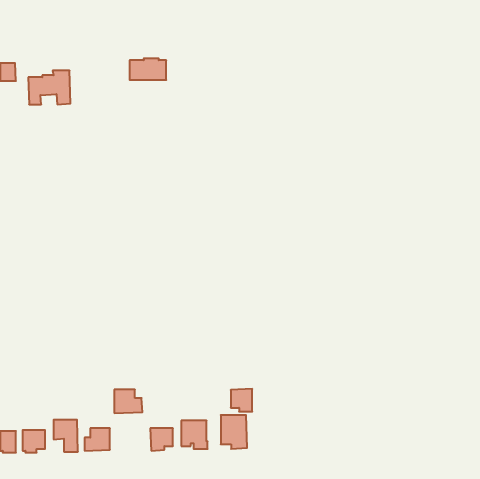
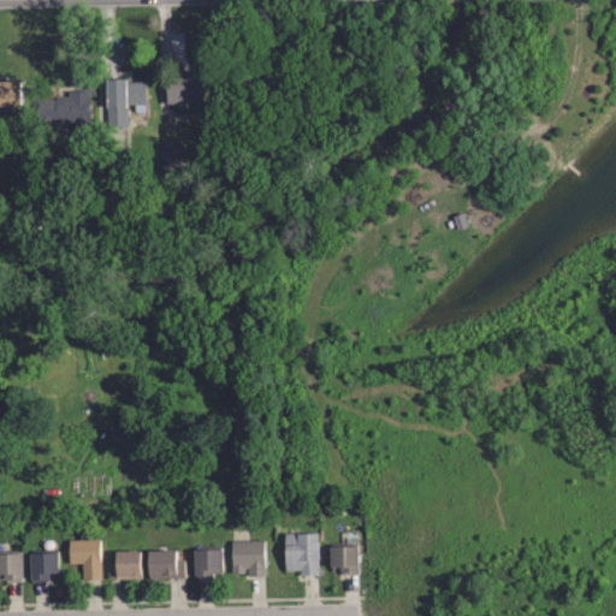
building: none -> [105,81,146,129]
building: [231,389,252,412] -> [331,546,359,575]
building: [114,390,142,413] -> [149,549,185,579]

